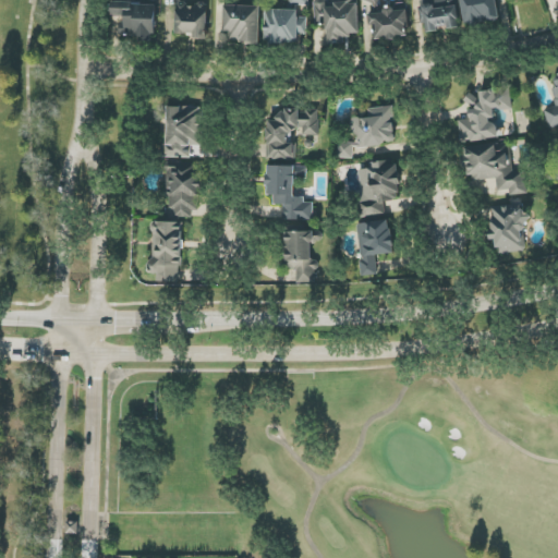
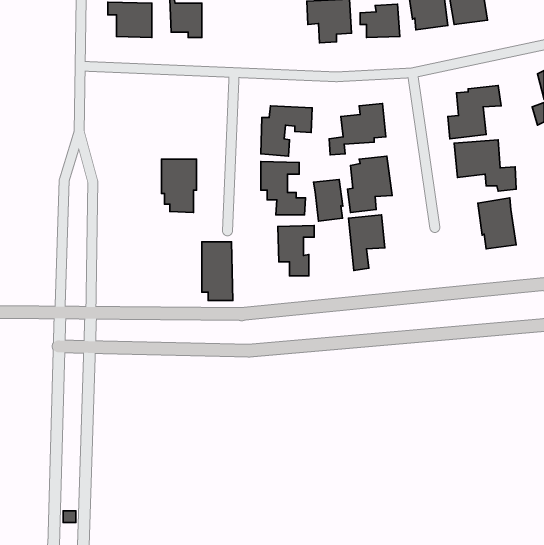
building: [222,4,259,41] -> none
building: [264,9,306,43] -> none
building: [161,105,202,157] -> none
building: none -> [313,179,343,221]
building: [149,221,181,281] -> [202,242,233,301]

